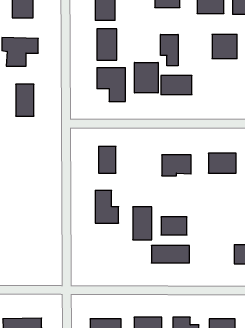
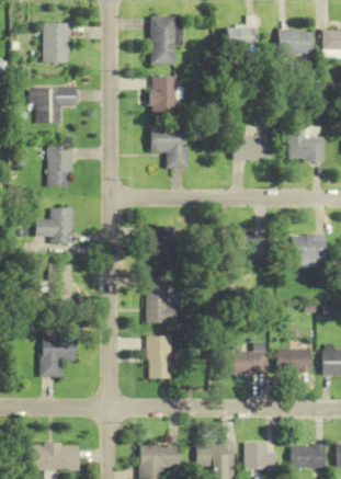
building: [212,34,237,59] -> [288,129,320,160]
building: [161,34,178,66] -> none
building: [135,62,158,93] -> none
building: none -> [36,208,75,244]
building: none -> [48,264,72,303]
building: [133,207,152,240] -> [148,337,172,378]
building: [161,217,187,235] -> [279,350,311,373]
building: none -> [42,335,77,377]

